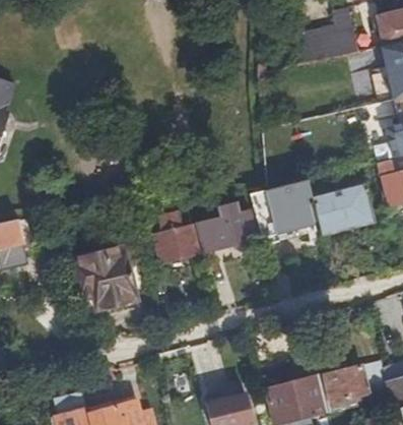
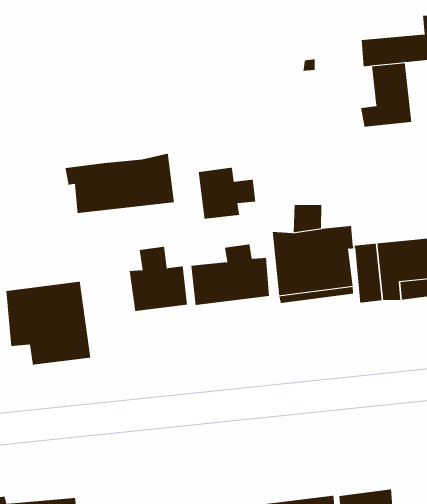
building: none -> [361,62,412,127]
building: none -> [65,153,175,214]
building: none -> [198,167,256,219]

